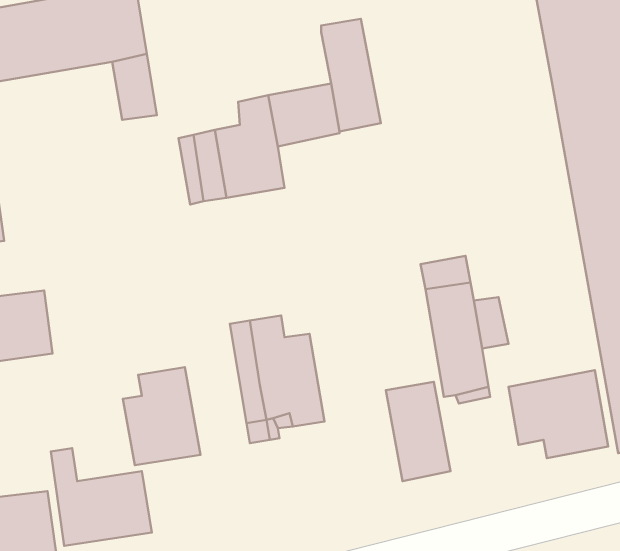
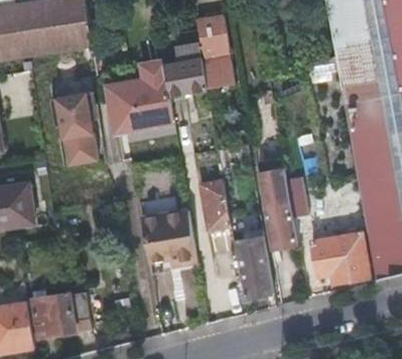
building: none -> [49,92,100,168]
building: none -> [202,178,232,230]
building: [123,367,200,465] -> none

